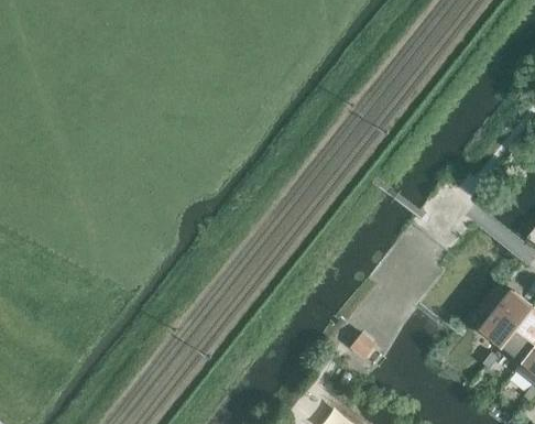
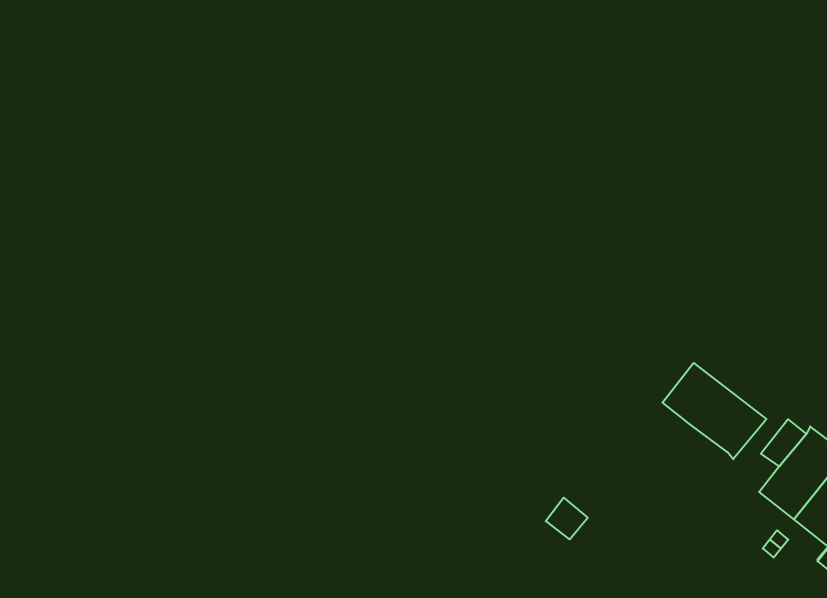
building: none -> [662,363,766,459]

